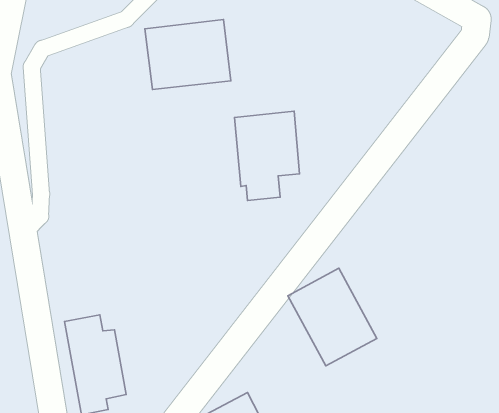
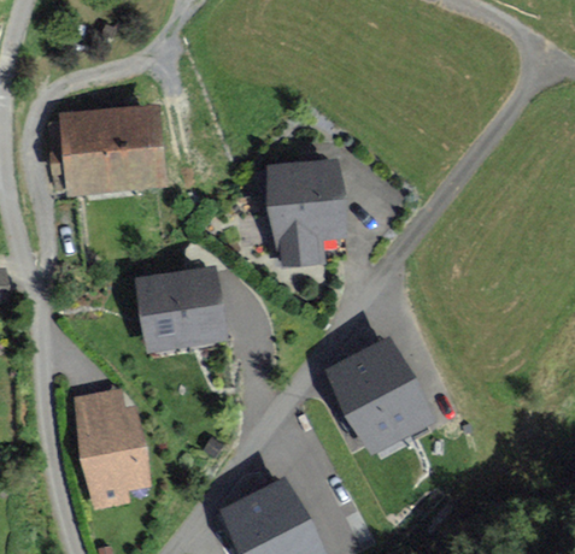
building: [145,19,231,89] -> [61,110,159,189]
building: none -> [139,269,217,349]

